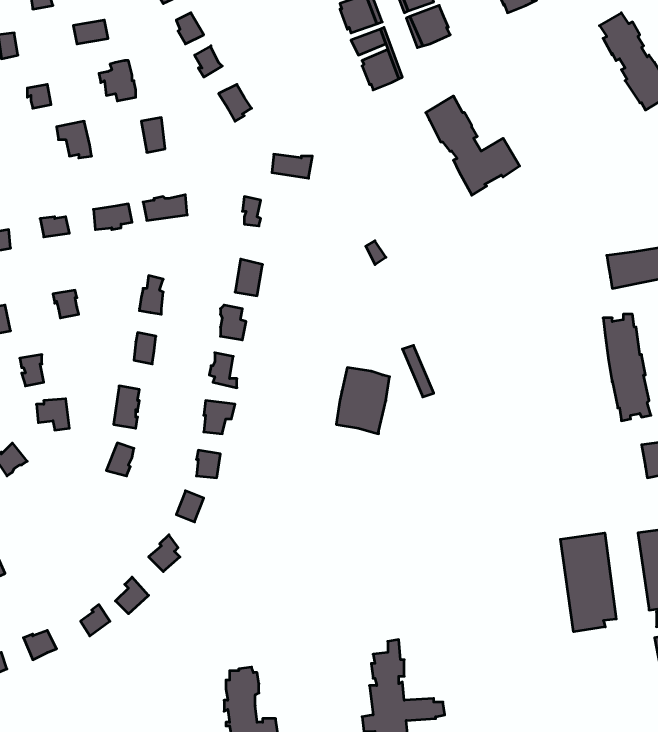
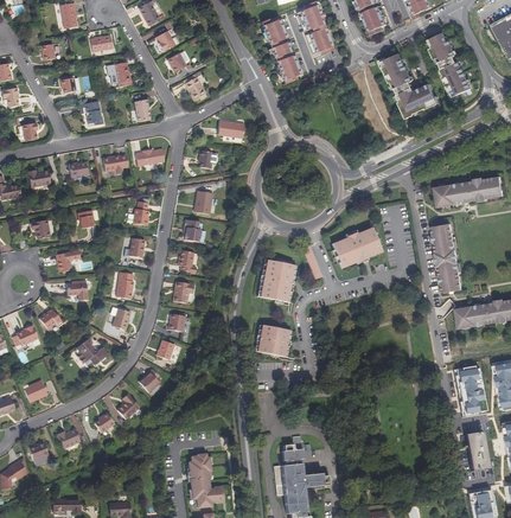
building: [426,96,520,195] -> [382,51,442,115]
building: none -> [332,226,382,268]
building: none -> [256,324,289,357]
building: none -> [75,338,108,367]
building: [560,533,616,632] -> none

